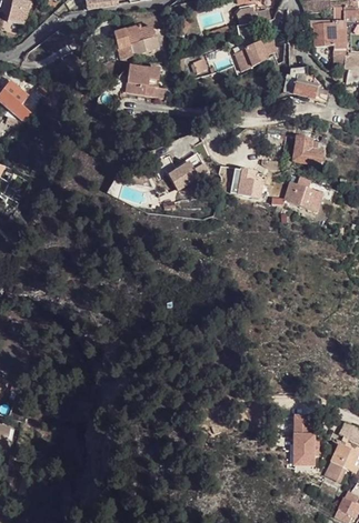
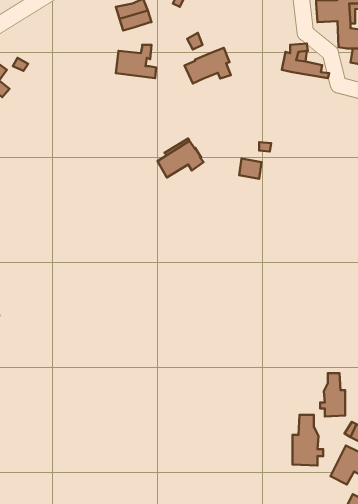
building: [233,37,277,70] -> [185,48,231,83]
building: [293,138,322,164] -> none
building: [282,179,322,210] -> none
building: none -> [320,373,345,417]

